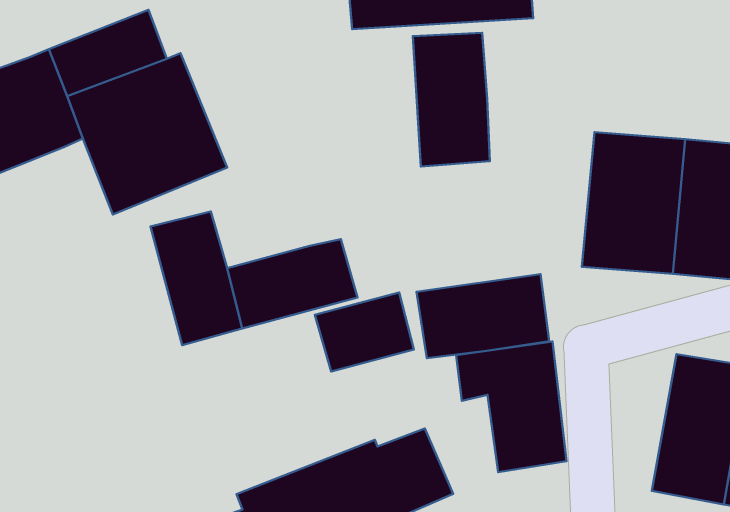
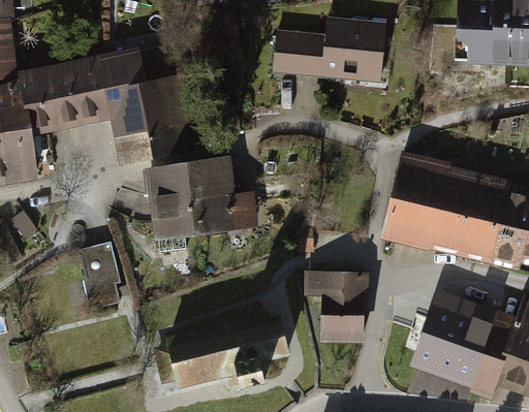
building: [413,33,490,166] -> none
building: [416,274,549,358] -> none
building: [315,292,414,371] -> [178,161,231,200]
building: none -> [81,237,122,298]

